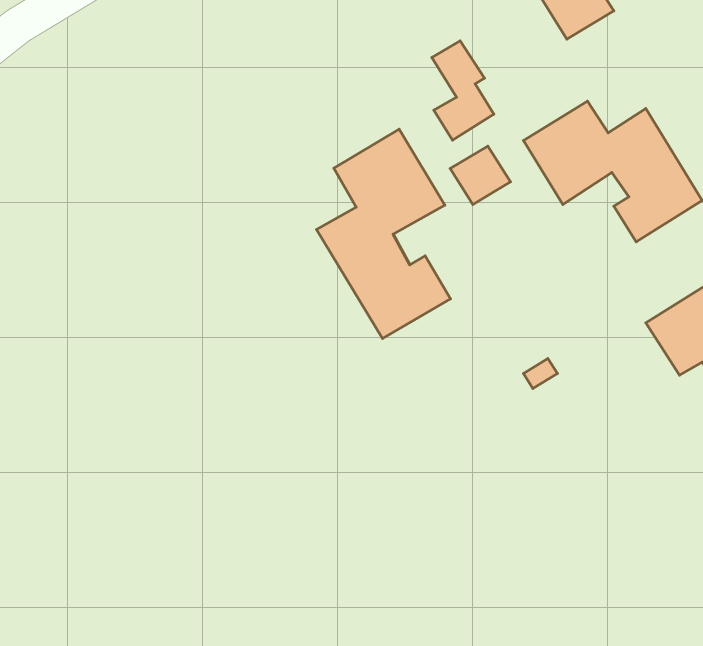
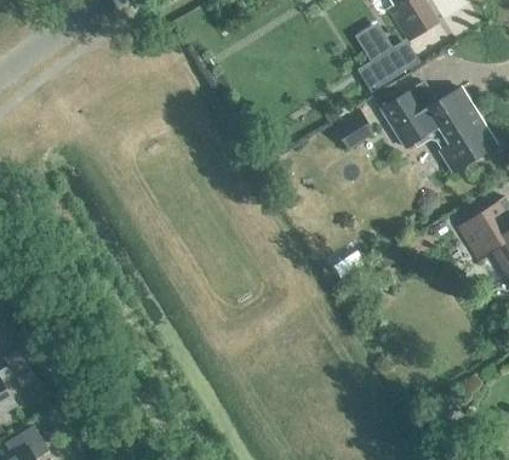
building: [432,41,494,140] -> [360,28,400,92]
building: [317,129,451,339] -> none

